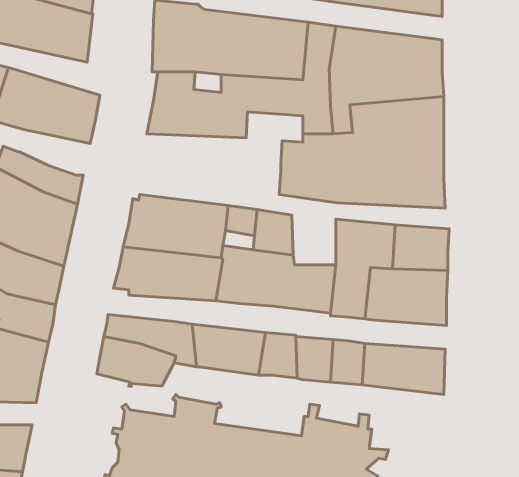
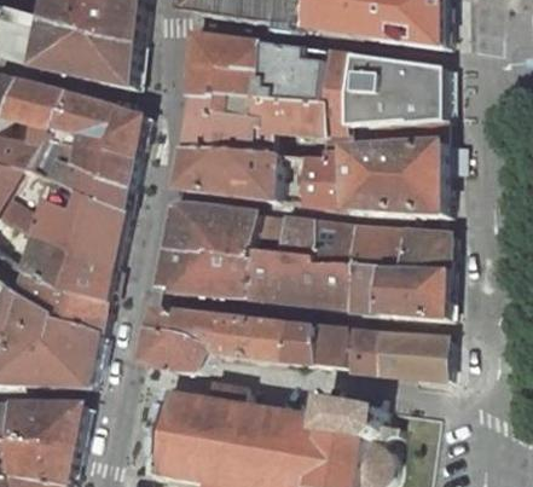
building: none -> [71,145,133,185]
building: none -> [174,149,277,198]
building: none -> [309,220,348,263]

